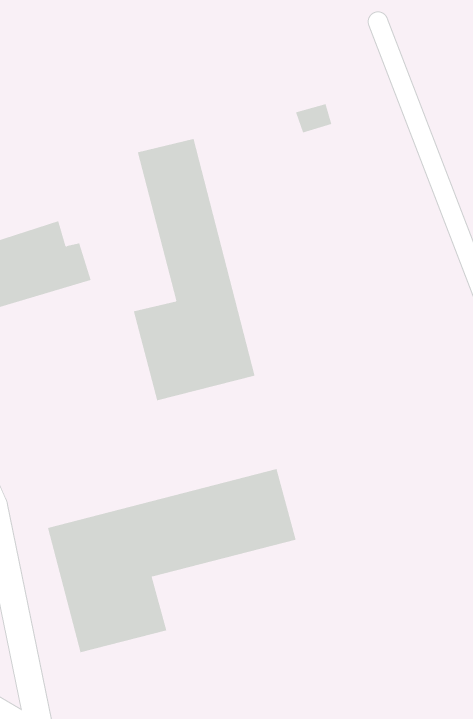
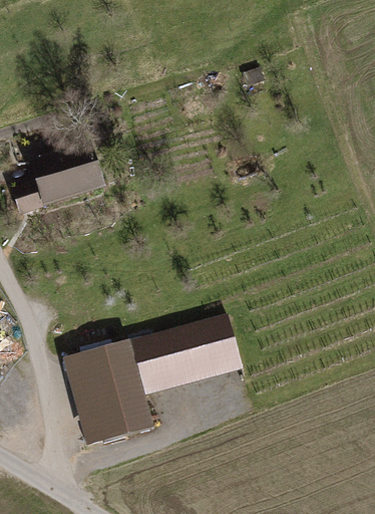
building: [133,138,255,401] -> none

